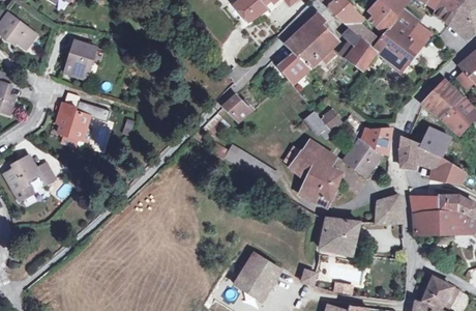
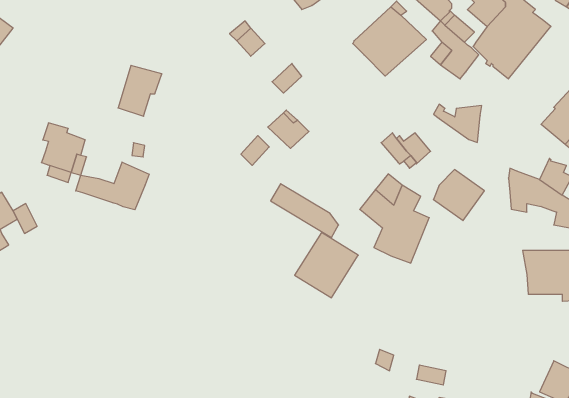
building: [64,40,96,78] -> [118,65,162,116]
building: [277,53,308,83] -> none
building: [355,126,390,154] -> [434,104,482,142]
building: none -> [76,162,149,210]
building: [375,194,401,221] -> none
building: [319,218,358,254] -> none
building: [234,252,280,300] -> [295,233,358,298]

